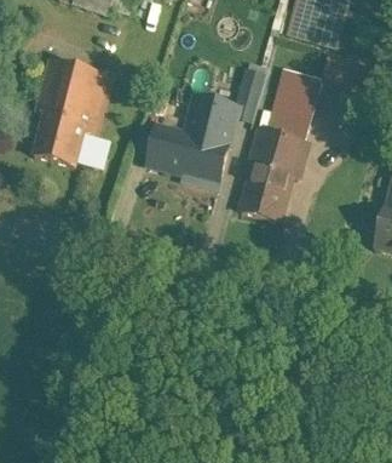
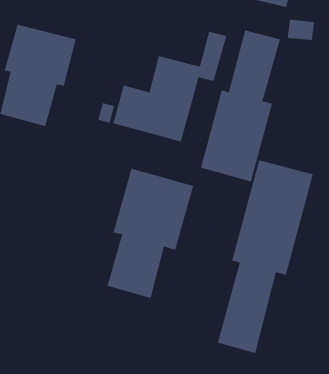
building: none -> [217,159,313,354]
building: none -> [107,168,194,299]

